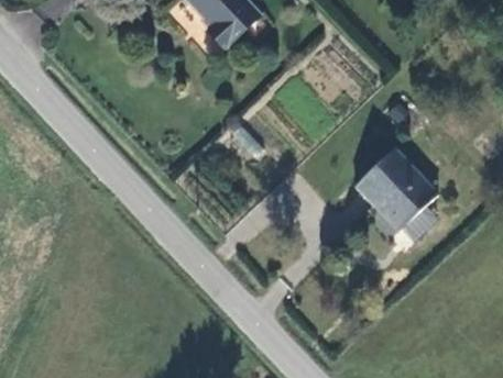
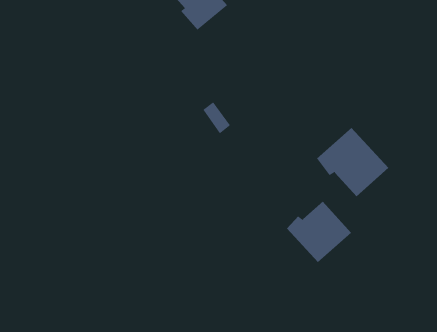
building: none -> [286,201,352,263]

